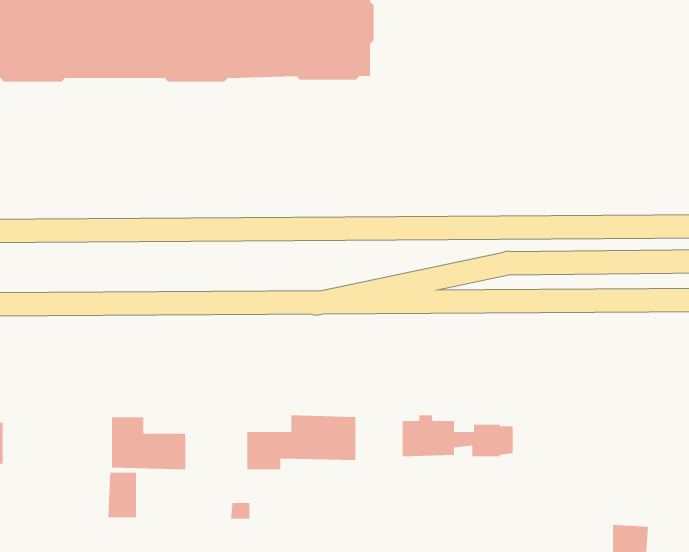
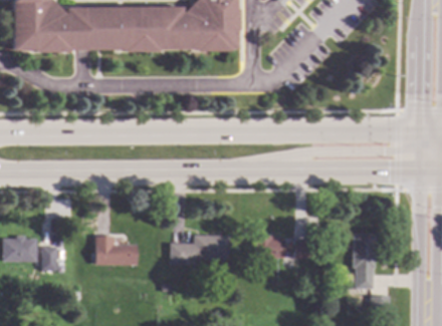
building: none -> [354,233,378,289]
building: [108,472,137,518] -> [43,246,59,271]

